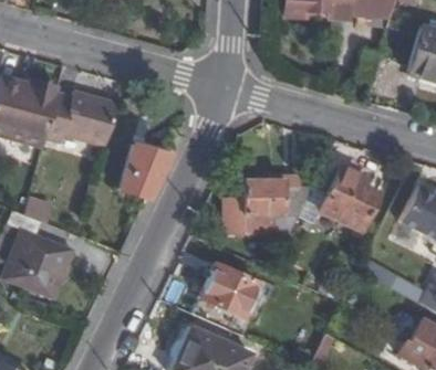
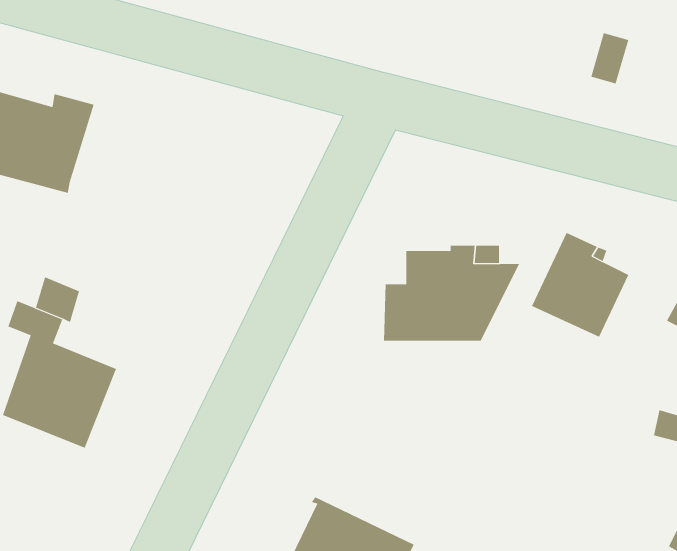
building: [45,92,120,146] -> none
building: [121,145,169,199] -> none
building: [195,263,260,336] -> none

